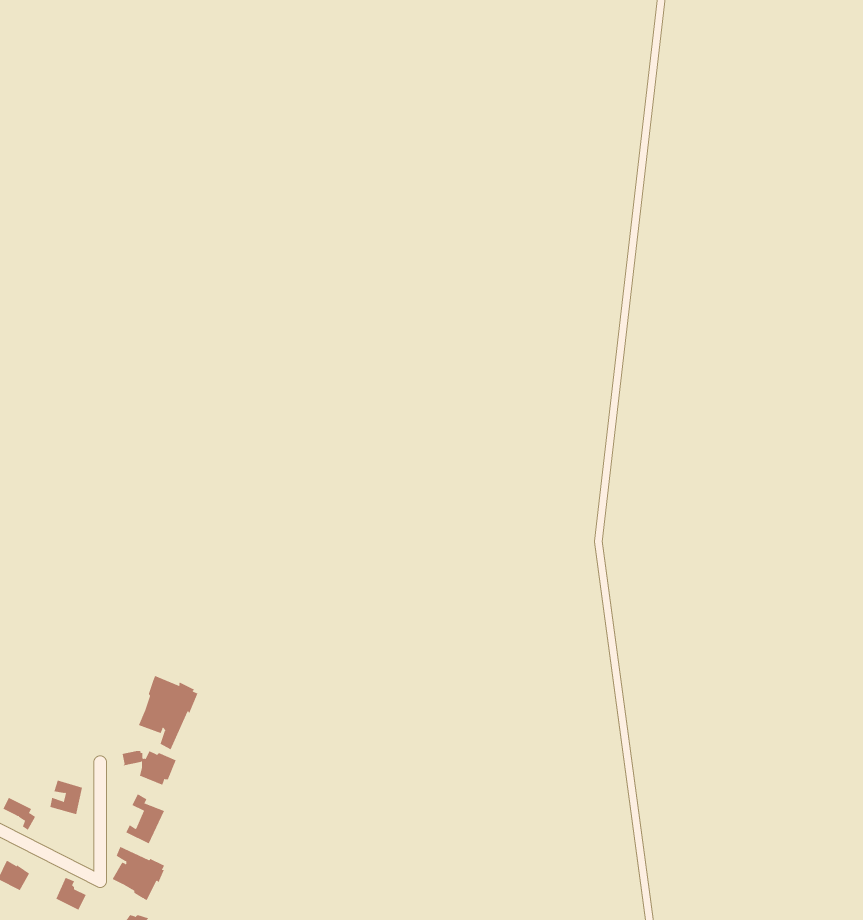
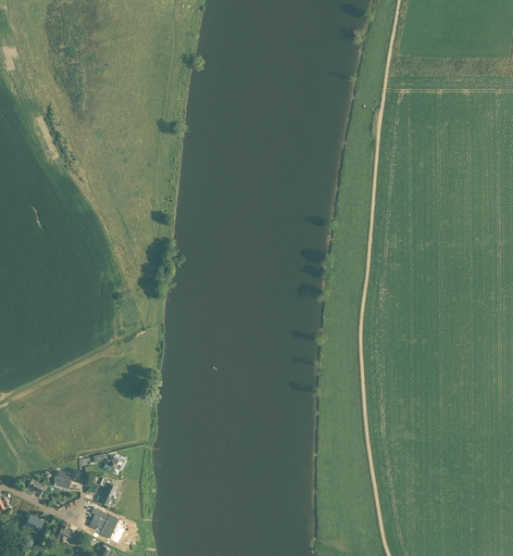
building: [138,675,198,750] -> none

